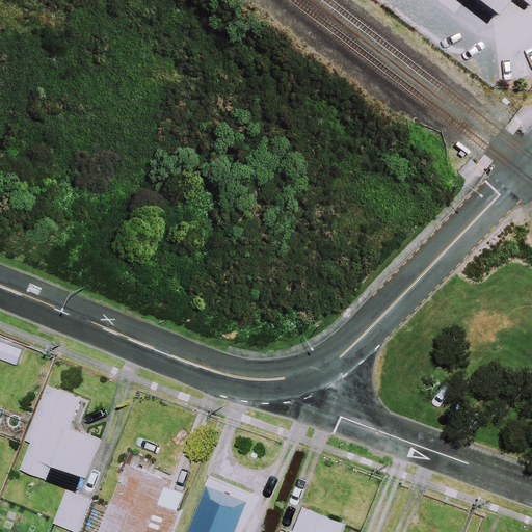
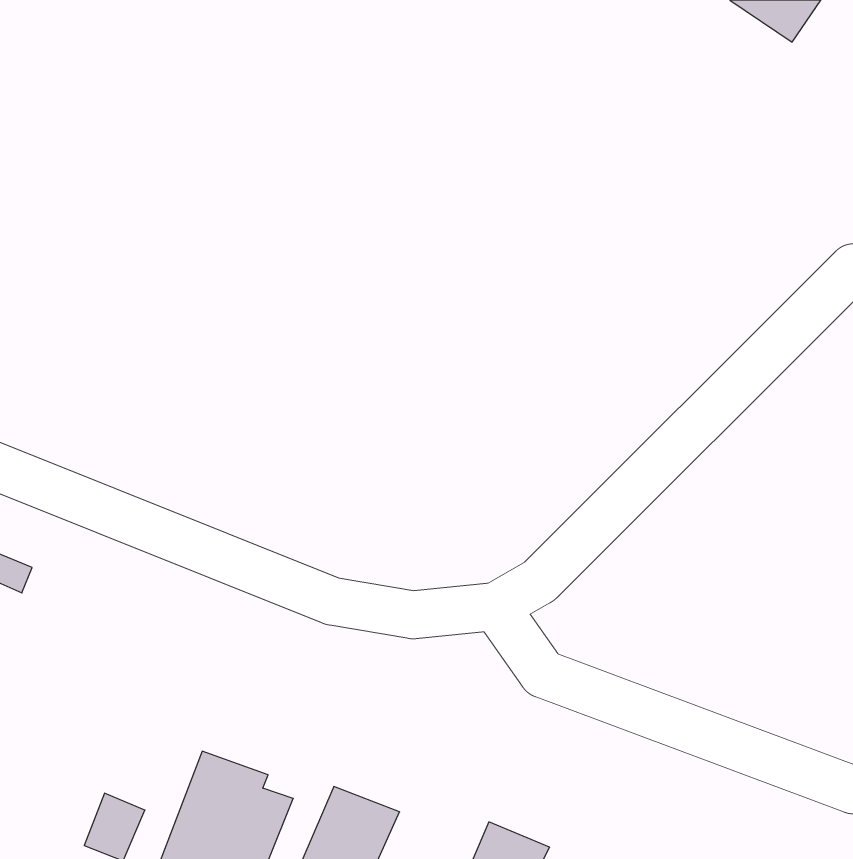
building: [20,387,99,480] -> none

